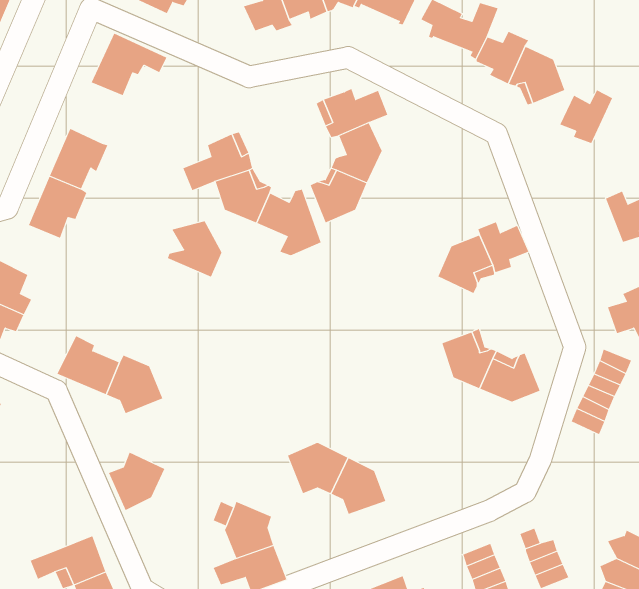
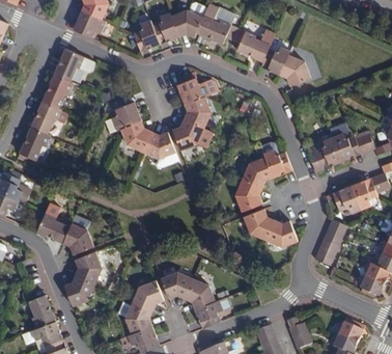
building: none -> [41,74,74,107]
building: [559,89,613,144] -> none
building: none -> [307,137,342,172]
building: [167,221,222,277] -> none
building: none -> [235,180,261,211]
building: none -> [73,250,101,284]
building: none -> [132,278,164,310]
building: none -> [25,294,54,329]
building: none -> [193,298,229,329]

